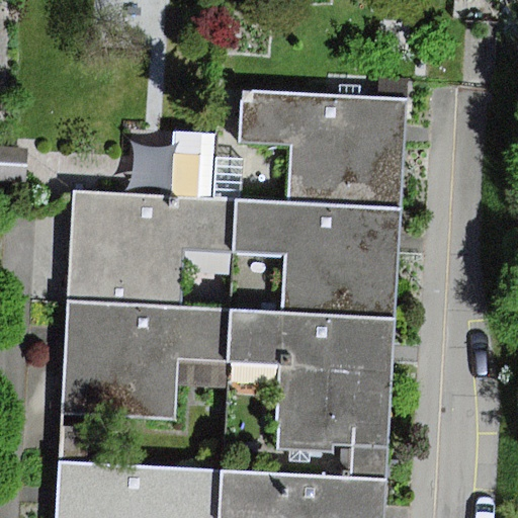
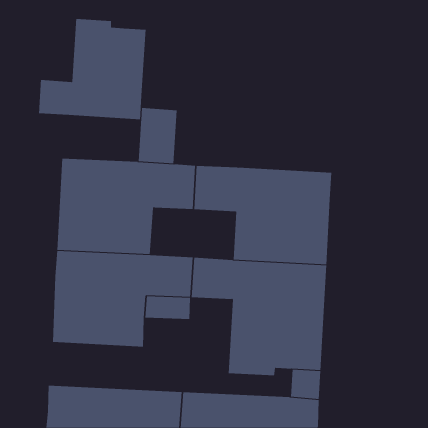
building: none -> [38,18,146,120]
building: [237,91,406,207] -> none

